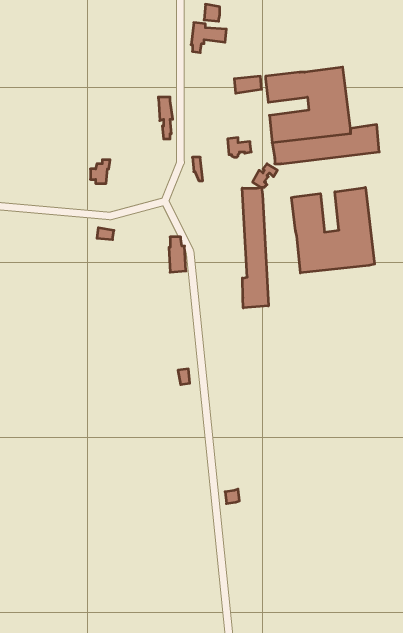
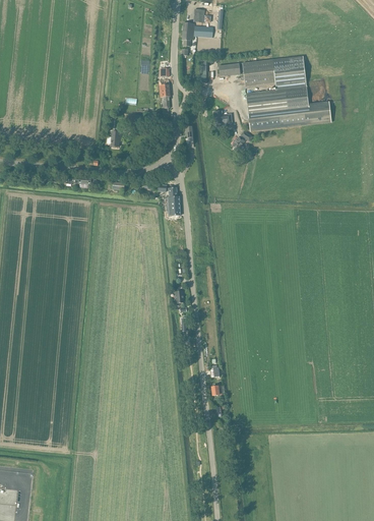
building: [242,187,268,308] -> none
building: [291,187,375,273] -> none

